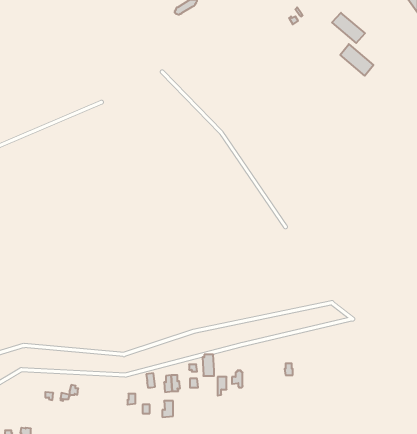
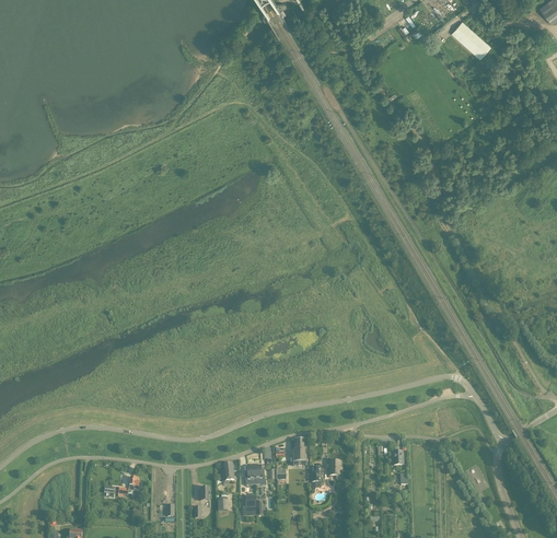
building: [340,44,373,76] -> none

